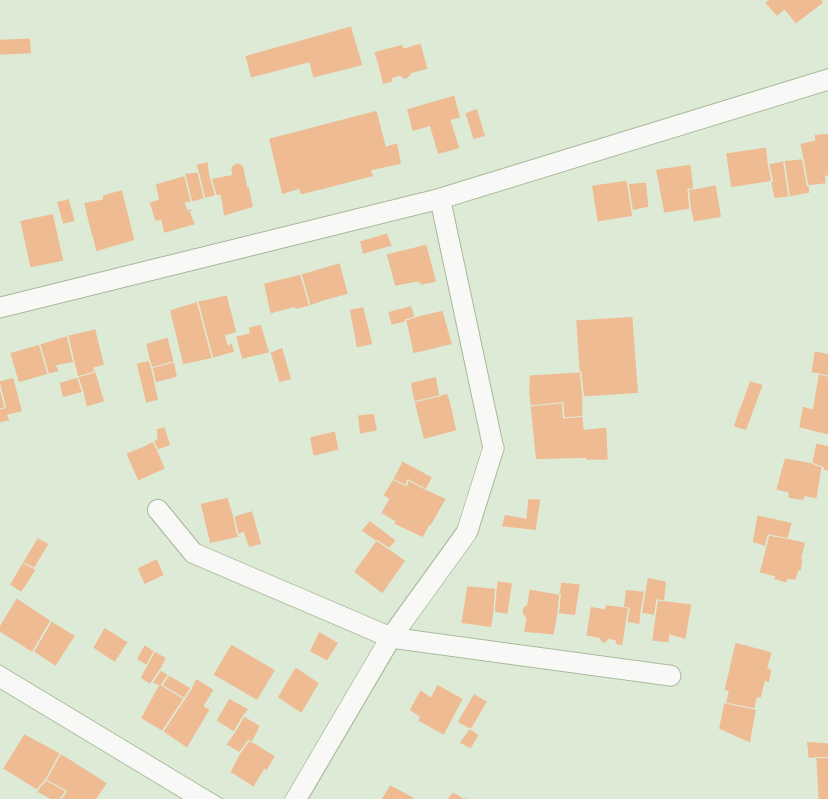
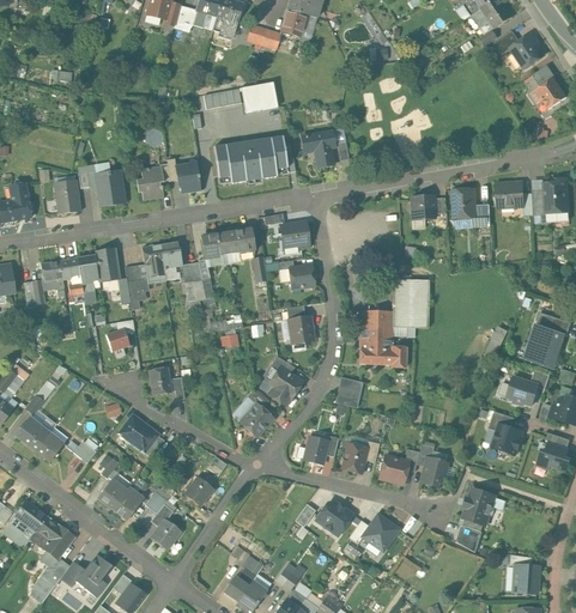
building: [374,43,428,85] -> none
building: none -> [95,249,119,279]
building: [212,644,276,701] -> [119,415,158,453]
building: [409,684,464,736] -> [317,503,352,535]
building: none -> [362,514,399,551]

